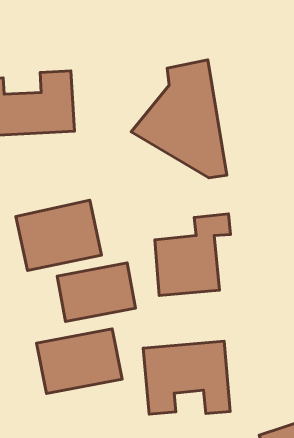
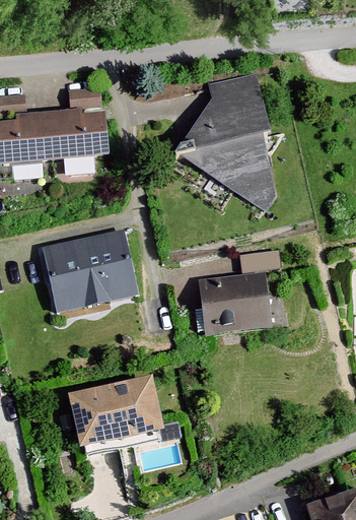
building: [57,263,136,321] -> none
building: [143,341,230,414] -> none

